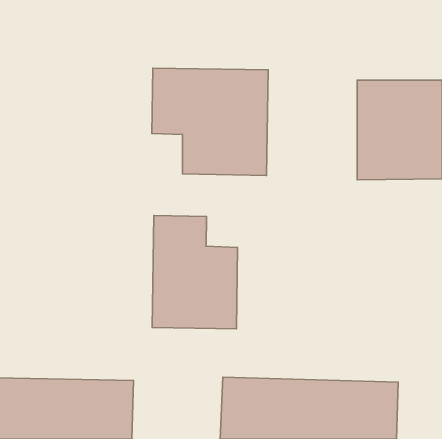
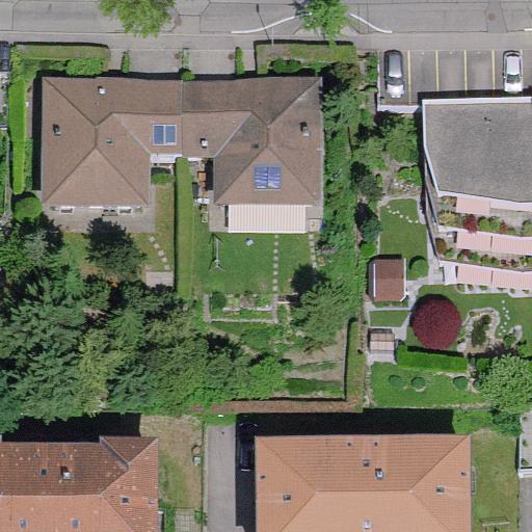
building: none -> [44,78,182,191]
building: [152,215,238,329] -> none

